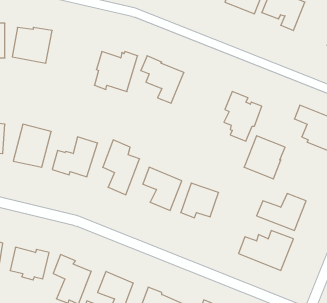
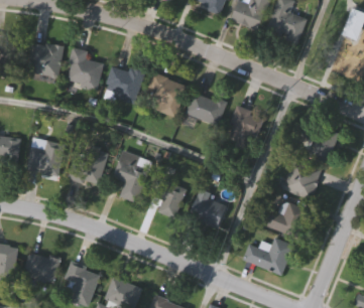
building: none -> [69,47,104,92]
building: none -> [186,92,228,126]
building: [244,136,285,179] -> [283,158,323,199]

